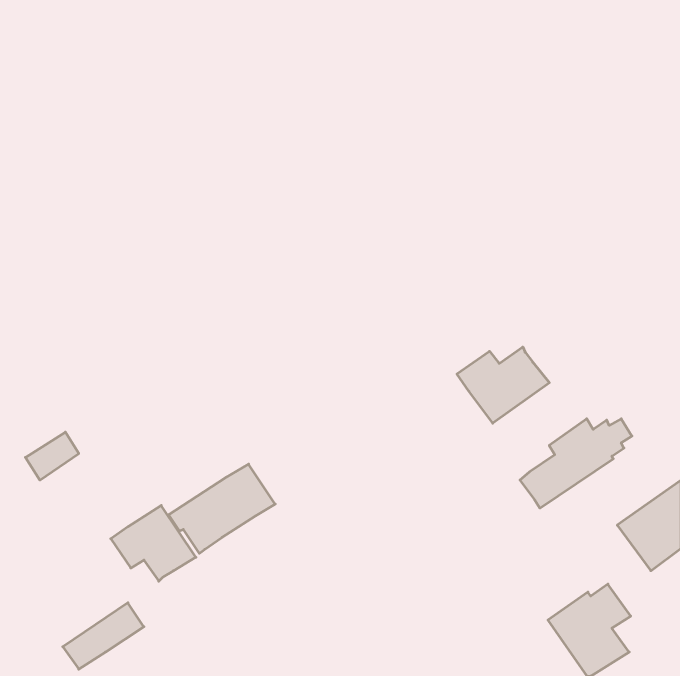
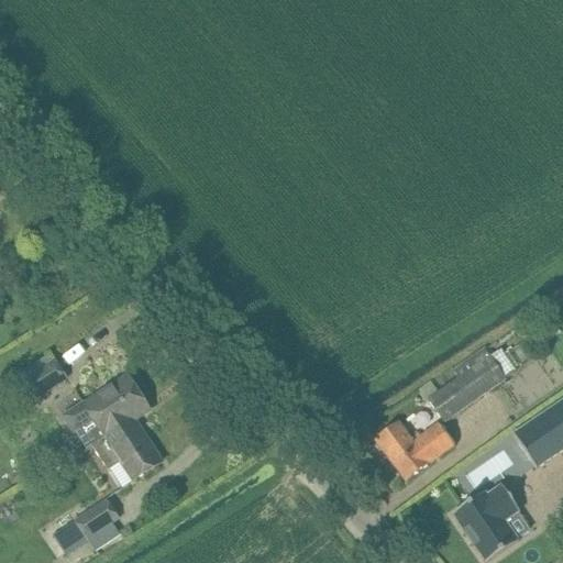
building: [457,347,549,423] -> none
building: [169,464,275,553] -> [63,374,151,448]
building: none -> [376,419,454,477]

